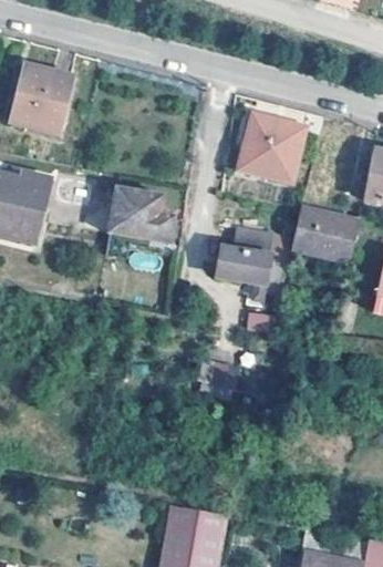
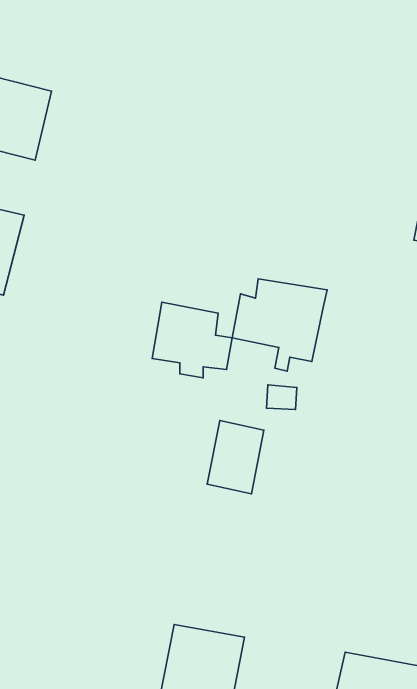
building: [239,115,303,181] -> none
building: [108,186,173,247] -> [152,302,232,378]
building: [290,206,359,264] -> none

